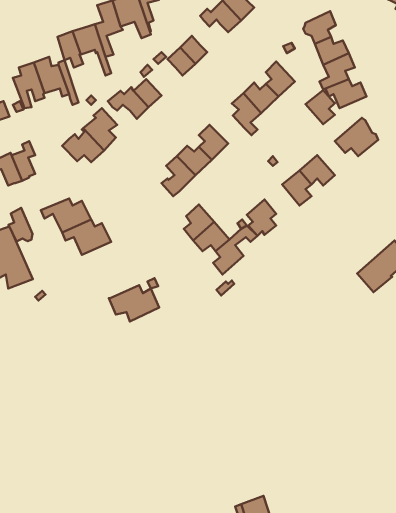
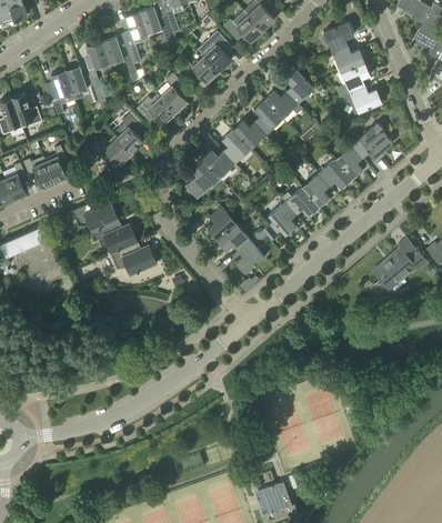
building: [306,90,335,124] -> [334,145,362,178]
building: none -> [232,120,265,148]
building: none -> [284,187,318,215]
building: [9,208,33,241] -> none
building: [109,285,159,321] -> [110,241,158,275]

